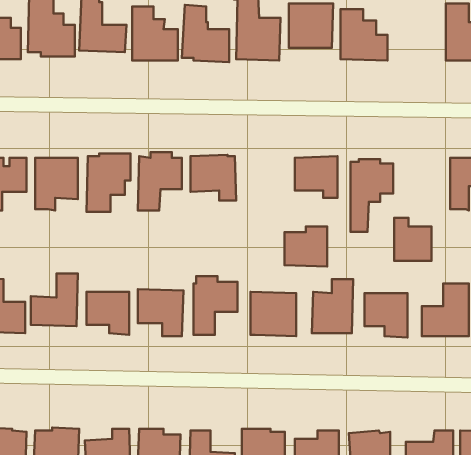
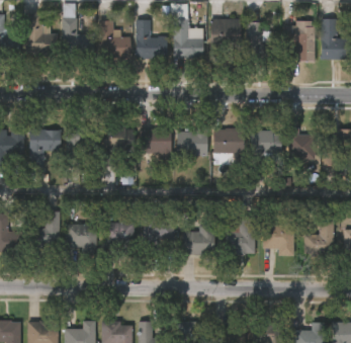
building: none -> [282,21,315,64]
building: [394,218,431,261] -> [287,127,314,158]
building: [284,227,327,267] -> [176,126,206,155]

